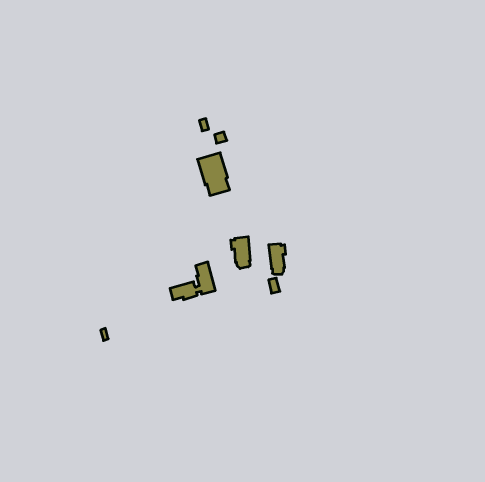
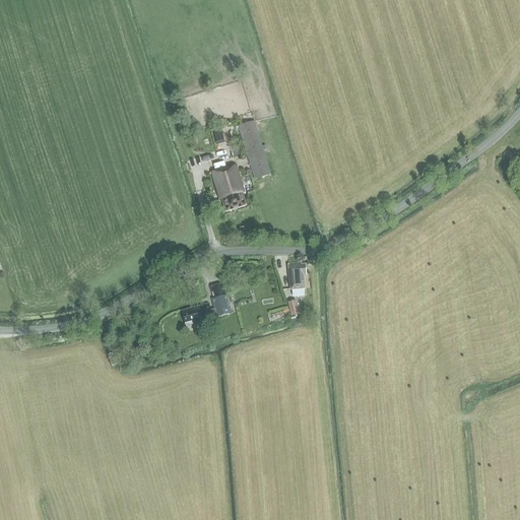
building: none -> [238,118,270,177]
building: [231,237,250,269] -> none

